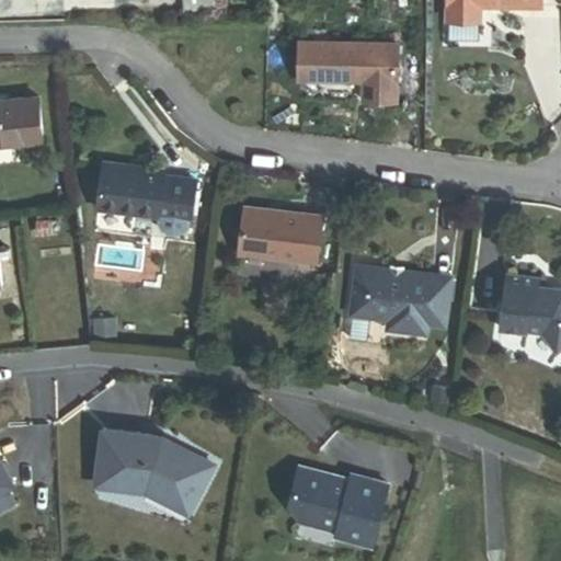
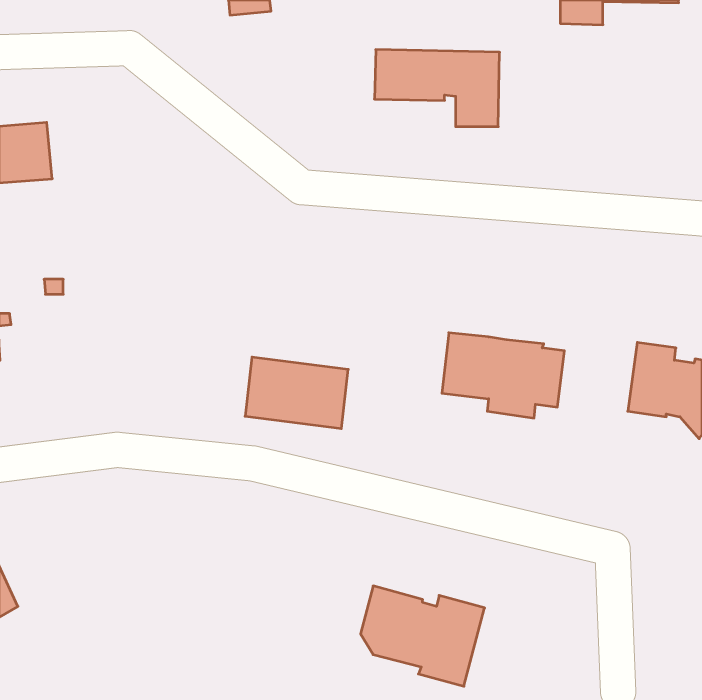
building: [98,162,195,219] -> none
building: [239,207,321,264] -> [245,357,348,429]
building: [93,433,210,512] -> none

